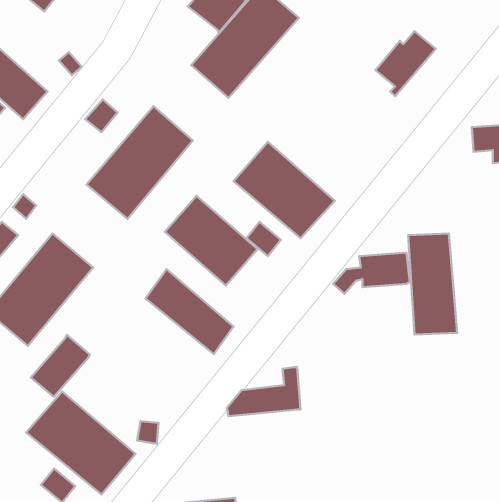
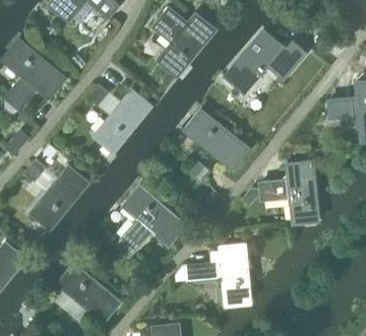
building: none -> [217,29,282,100]
building: [165,196,257,286] -> none
building: [31,335,90,397] -> [115,216,151,255]
building: none -> [221,244,255,309]

